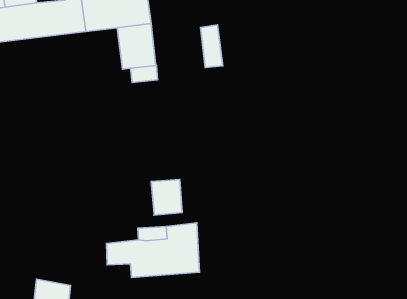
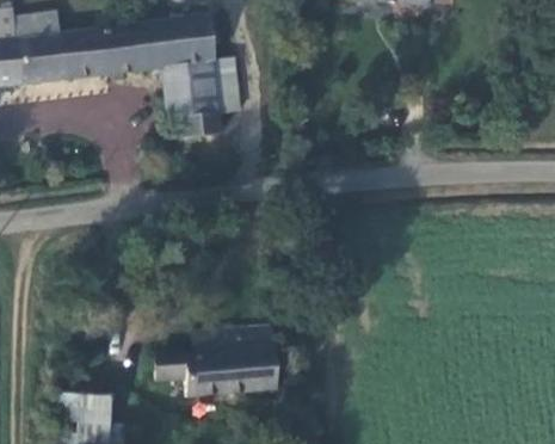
building: [201,25,223,68] -> [212,55,242,112]
building: [151,180,182,215] -> none

